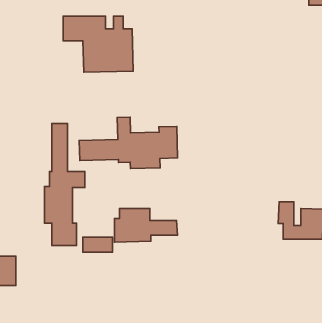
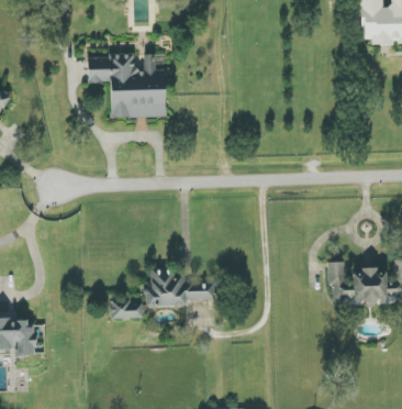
building: [79,117,178,169] -> none
building: [44,124,85,245] -> none

